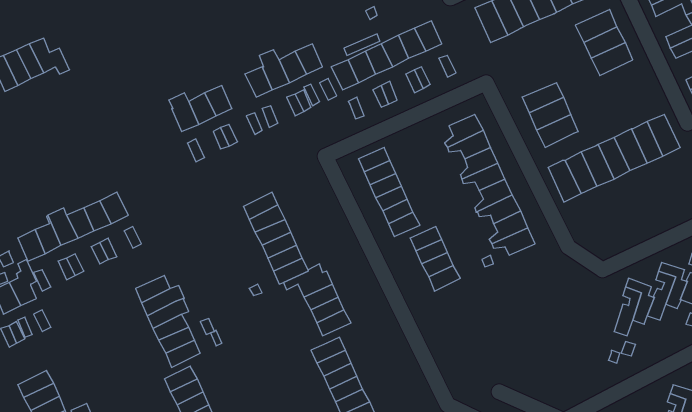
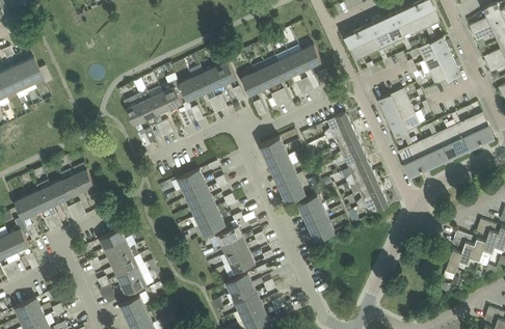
building: none -> [160,80,185,109]

